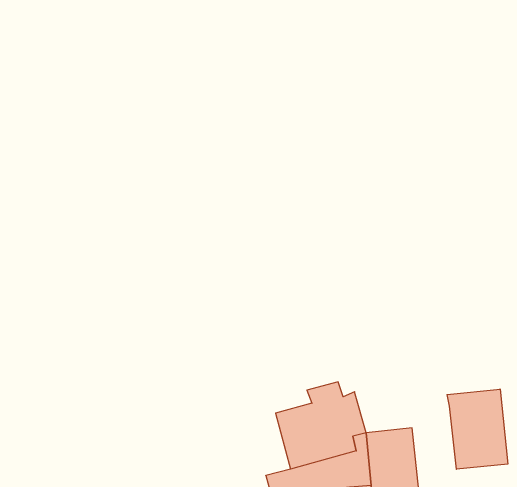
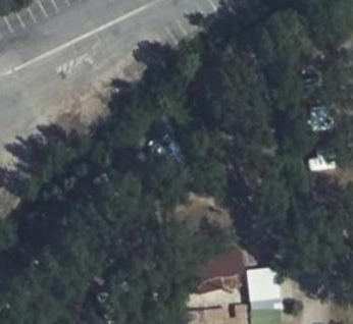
building: [447,389,508,469] -> none

